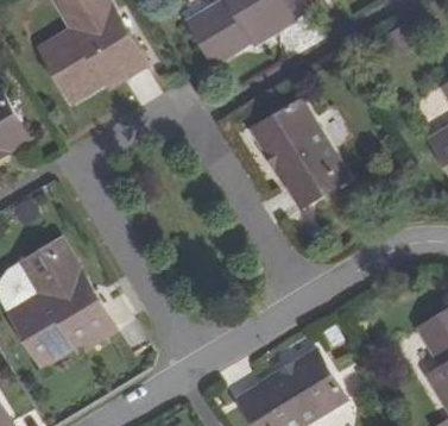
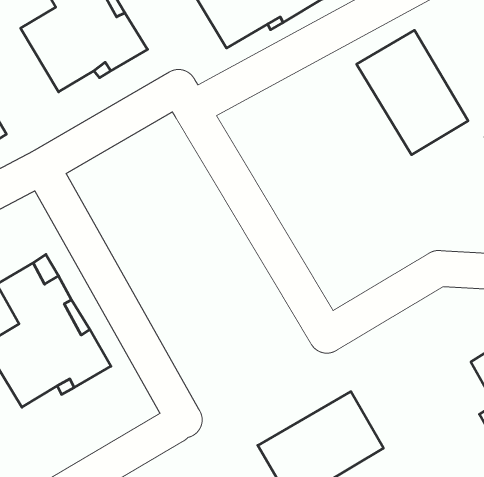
building: [252,101,346,206] -> [357,30,468,155]

